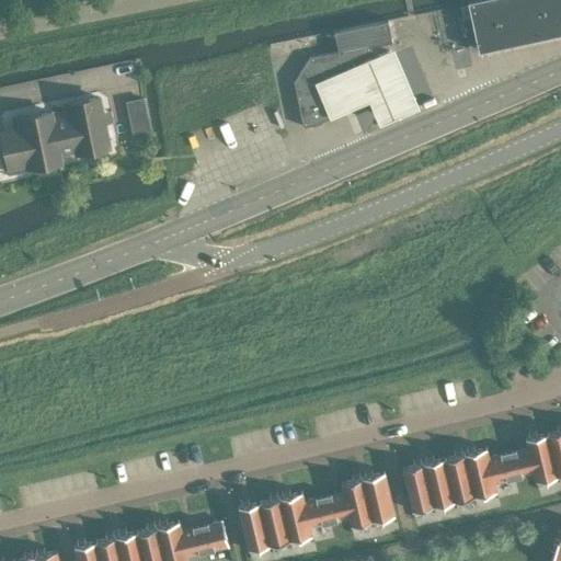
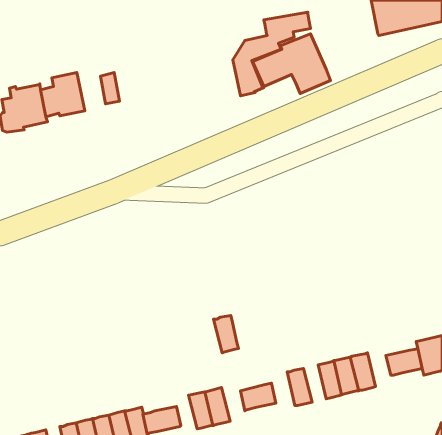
building: [466,450,496,499] -> none
building: [342,480,374,528] -> none
building: [280,495,312,542] -> [213,316,239,353]

